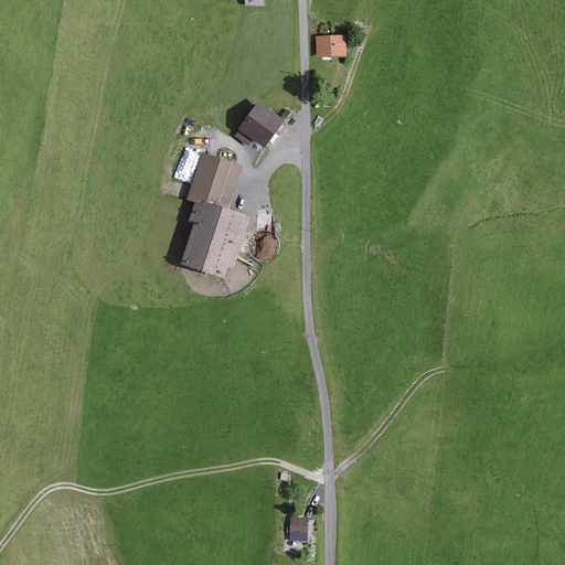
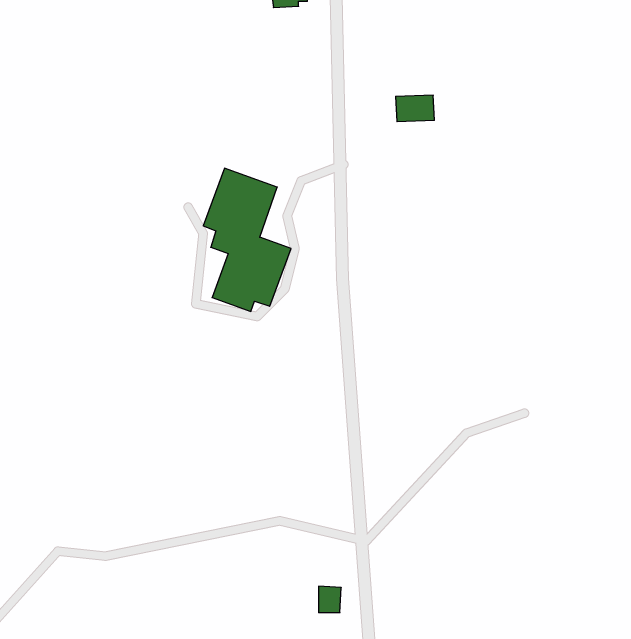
building: [315,34,349,57] -> [396,95,434,122]
building: [233,100,279,147] -> none

